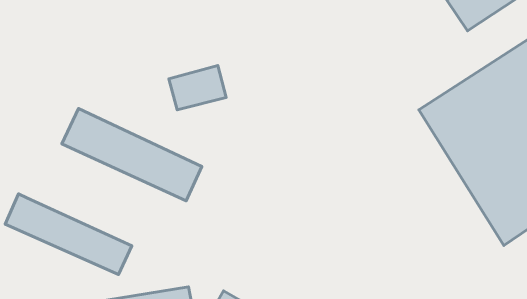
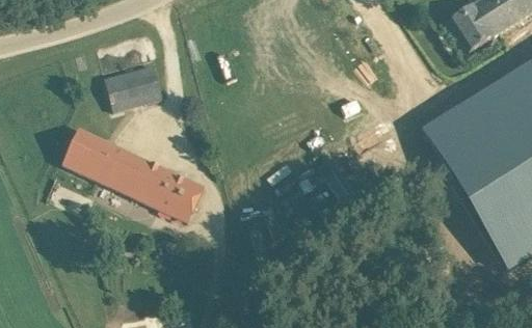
building: [169,65,226,110] -> [105,66,162,111]
building: [5,194,132,275] -> none

